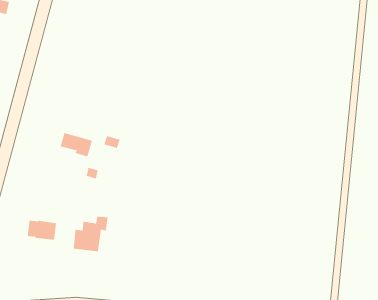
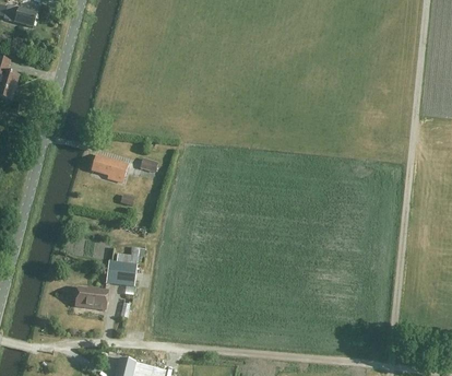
building: [27,220,57,240] -> [75,287,108,309]

